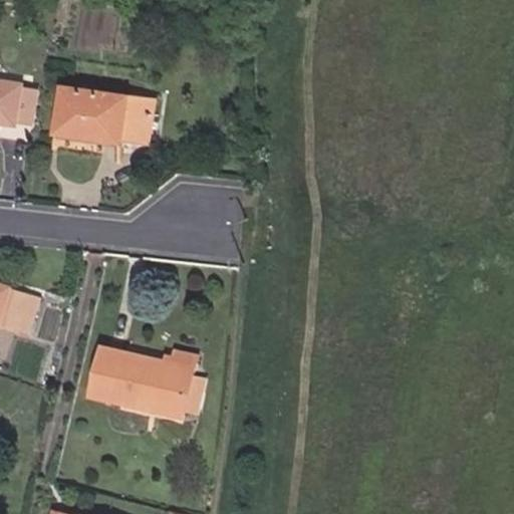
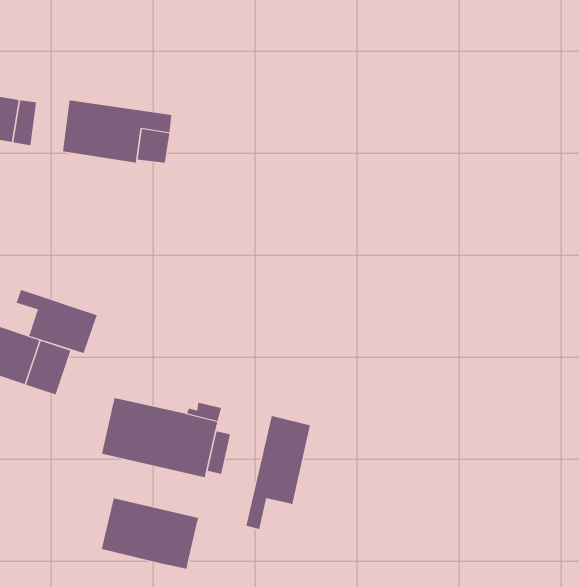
building: none -> [16,289,97,354]
building: none -> [246,415,311,530]
building: none -> [101,498,199,569]

